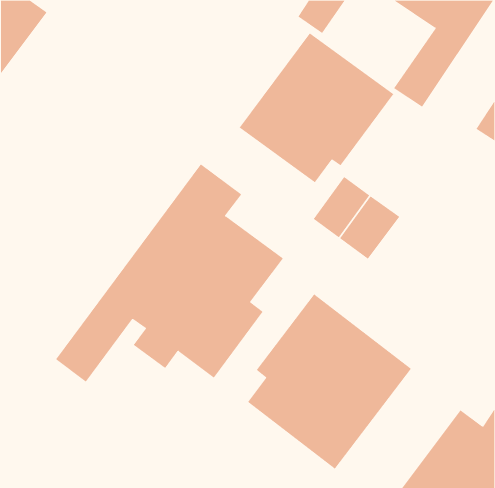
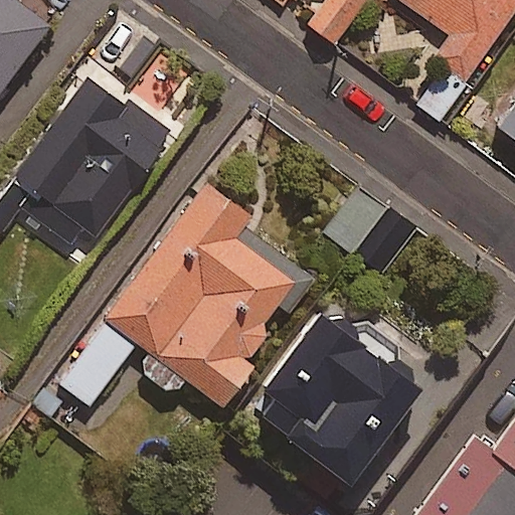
building: [239,32,394,183] -> none
building: none -> [17,72,169,244]

